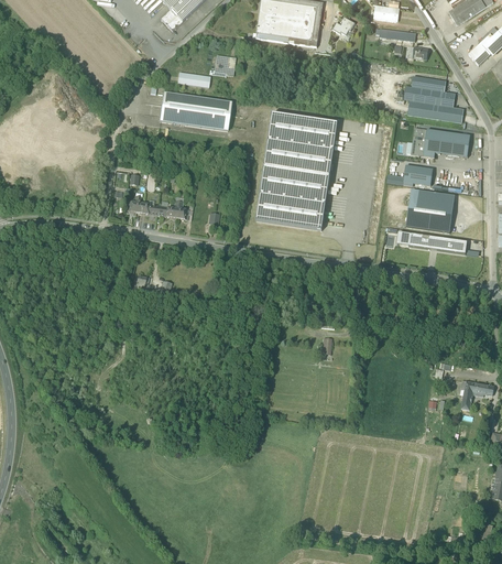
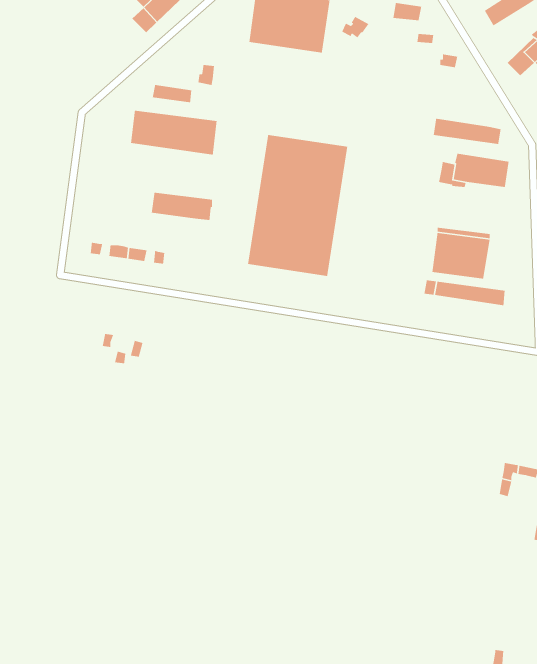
building: [405,75,455,106] -> none
building: none -> [151,192,213,221]
building: [403,164,433,184] -> none

